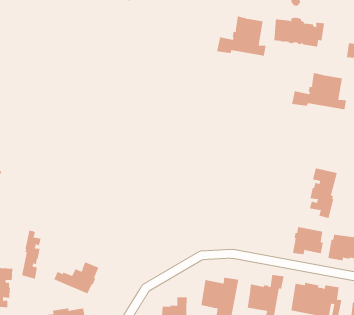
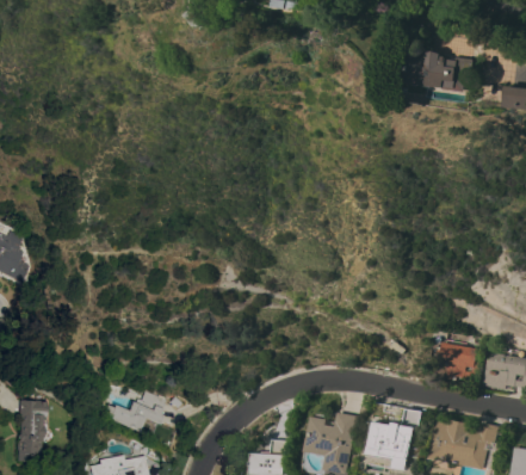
building: [217,16,266,57] -> none
building: [292,72,346,110] -> none
building: [309,167,338,219] -> none
building: [21,230,41,280] -> none

